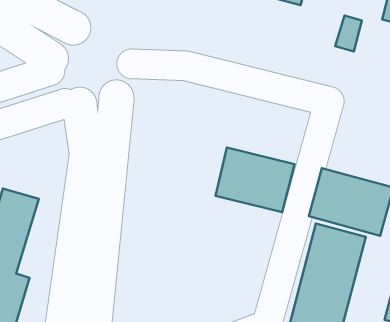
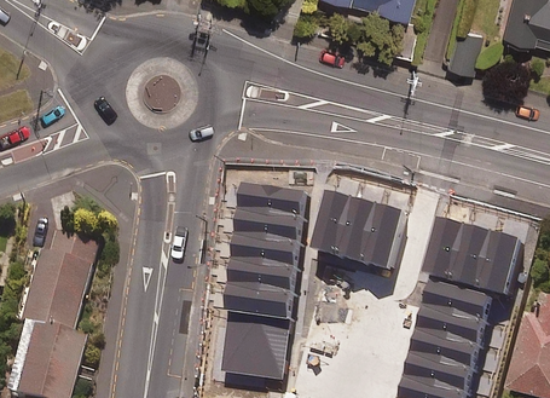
building: none -> [213,183,306,379]

